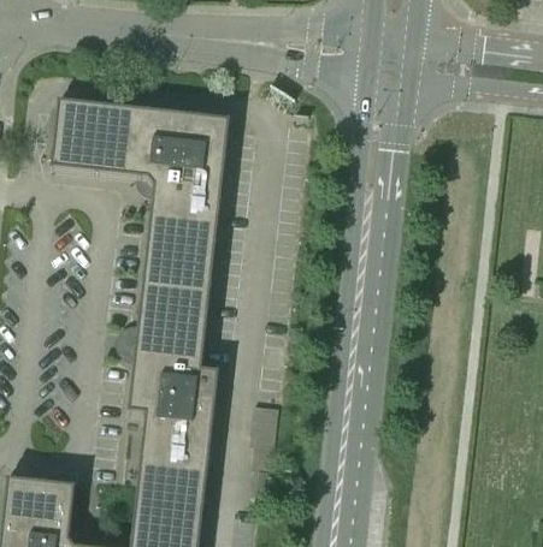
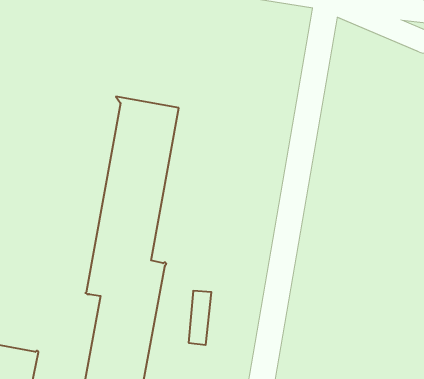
building: [49,99,230,186] -> none

